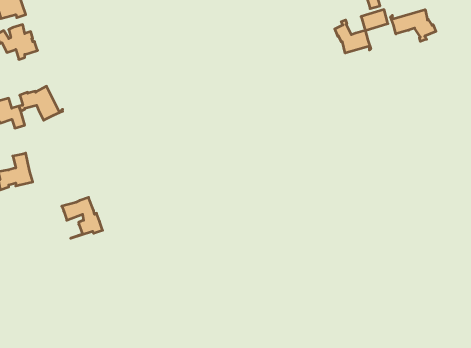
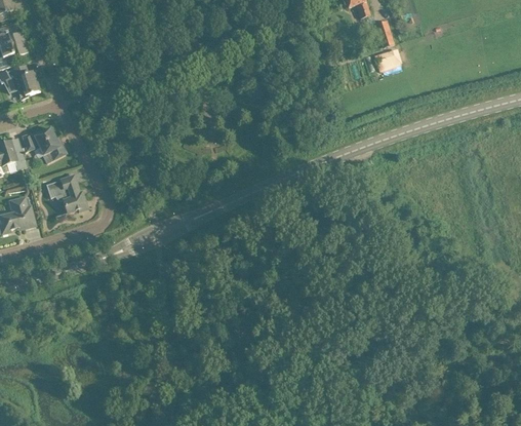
building: [391,10,436,41] -> none
building: [335,20,371,53] -> none
building: [62,197,103,238] -> [44,175,86,217]

